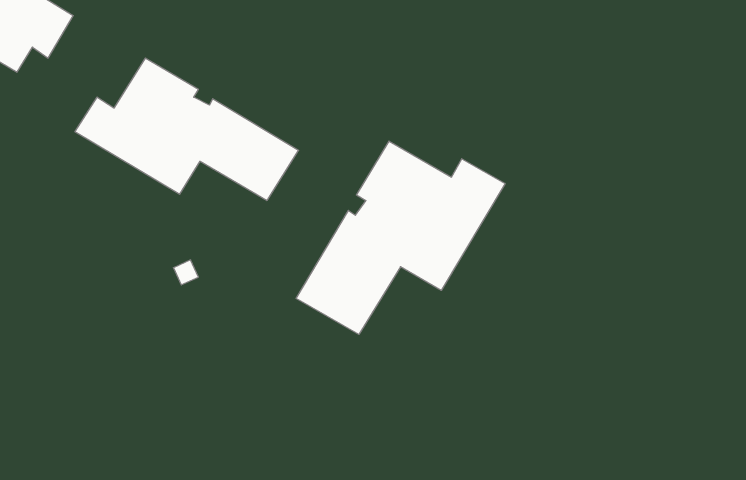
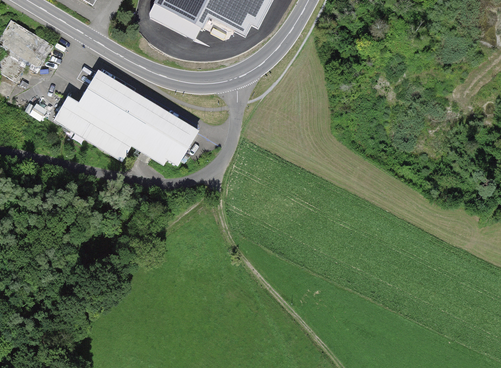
building: [296,141,505,334] -> none

